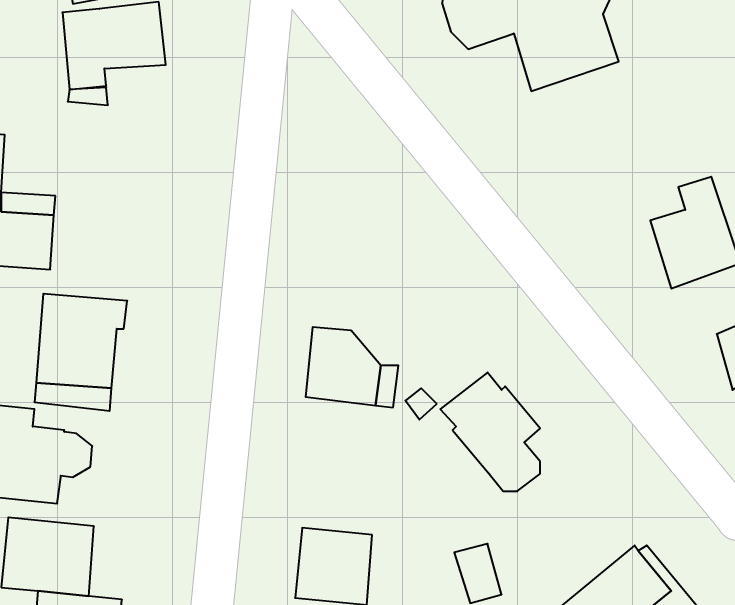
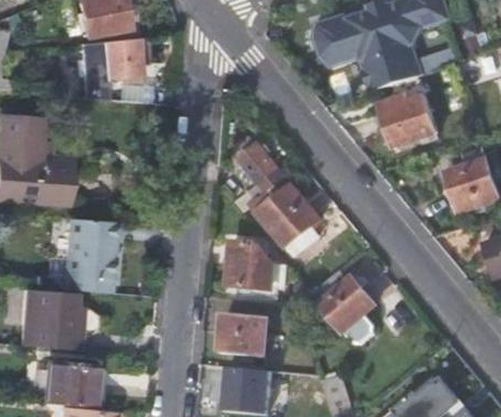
building: none -> [380,90,438,149]
building: none -> [238,142,323,248]
building: none -> [222,315,271,357]

